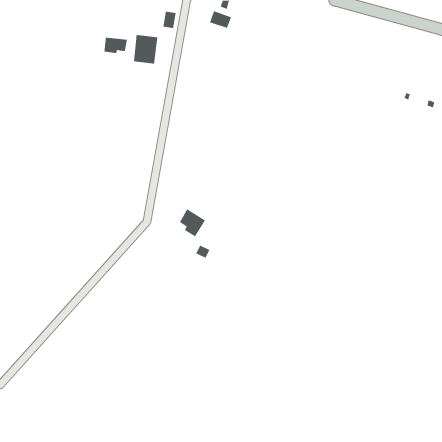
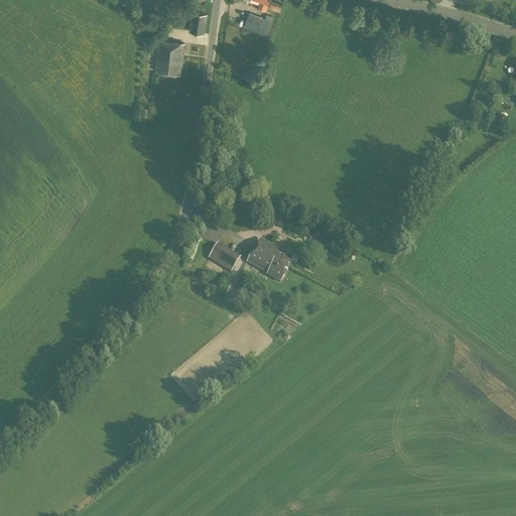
building: [104,37,127,54] -> none
building: none -> [247,239,293,282]

